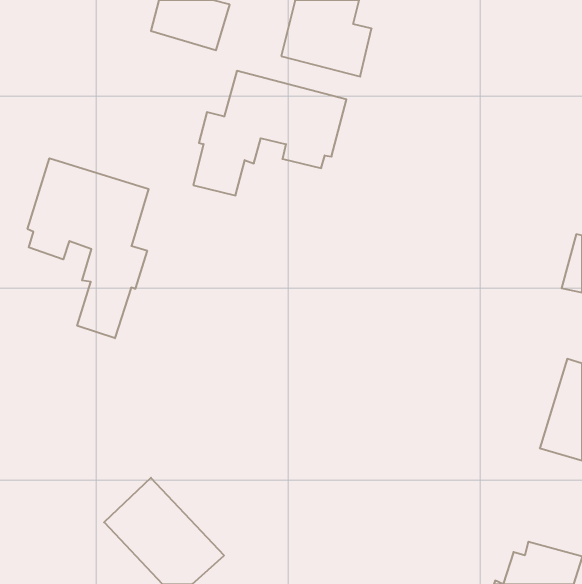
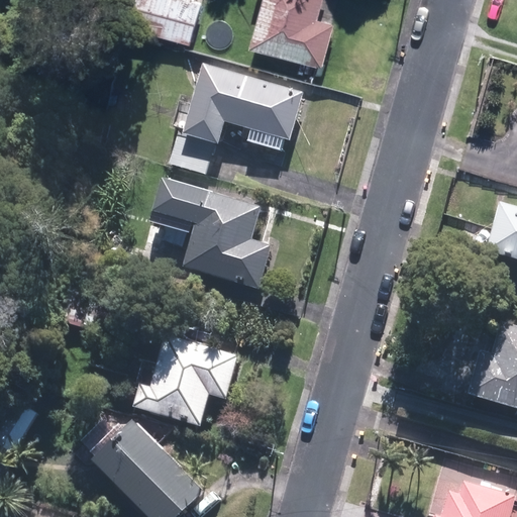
building: [28,158,149,338] -> none
building: none -> [156,178,269,286]
building: none -> [140,331,240,420]

